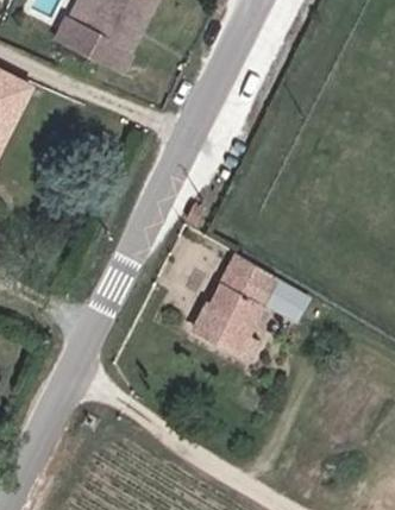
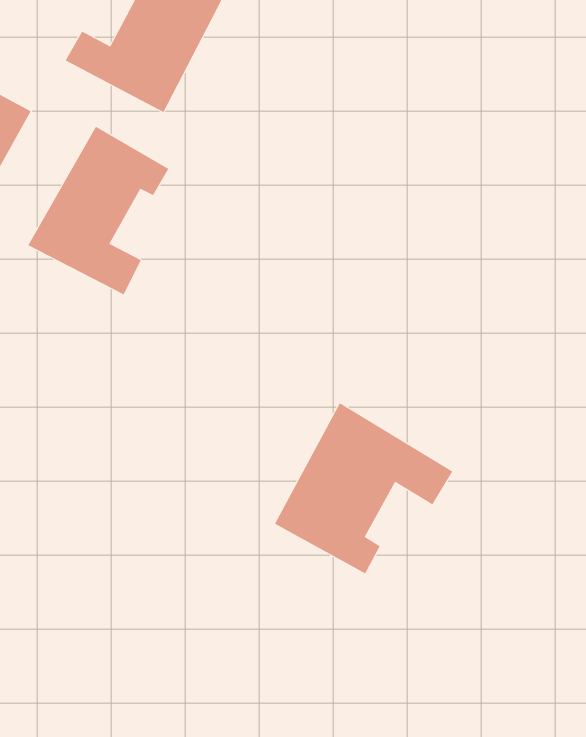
building: none -> [28,126,169,295]

